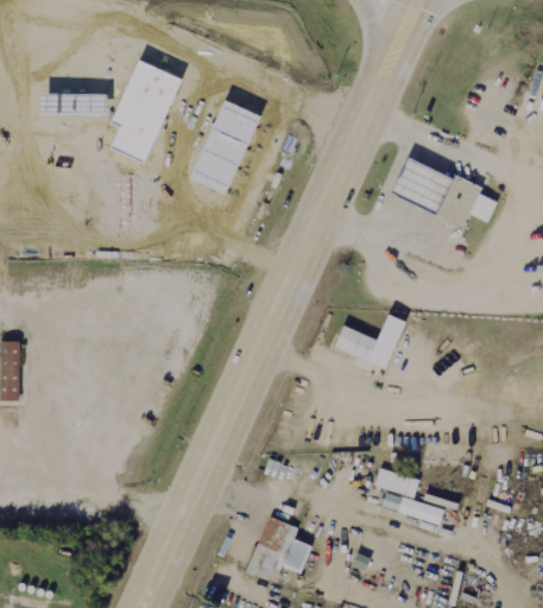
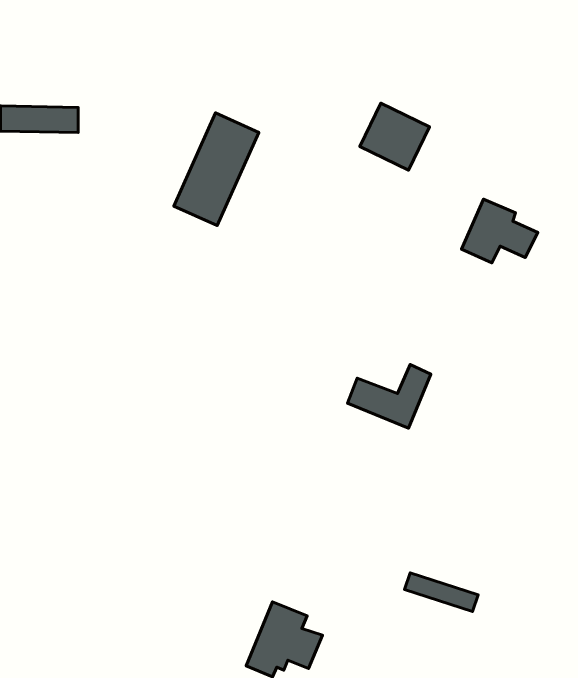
building: [108,58,183,163] -> none
building: [387,156,447,213] -> [360,103,429,170]
building: [377,468,422,499] -> none

